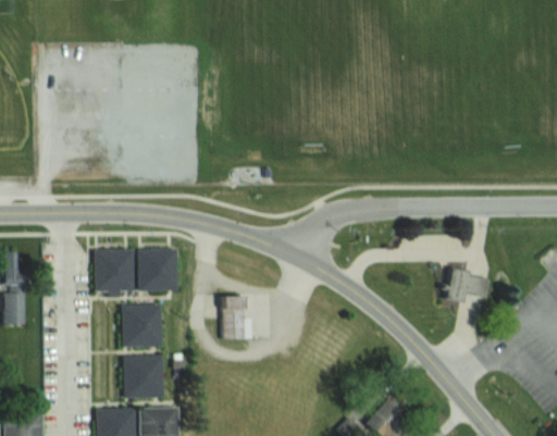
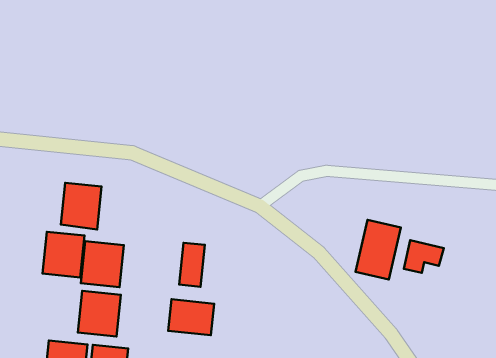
building: [138,248,176,290] -> [43,232,84,277]
building: none -> [356,220,401,279]
building: none -> [168,299,214,335]

